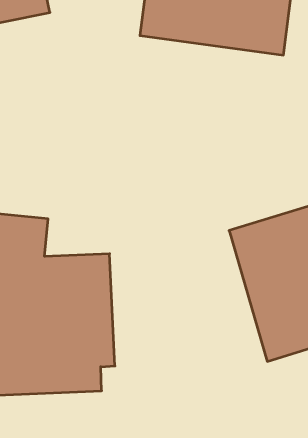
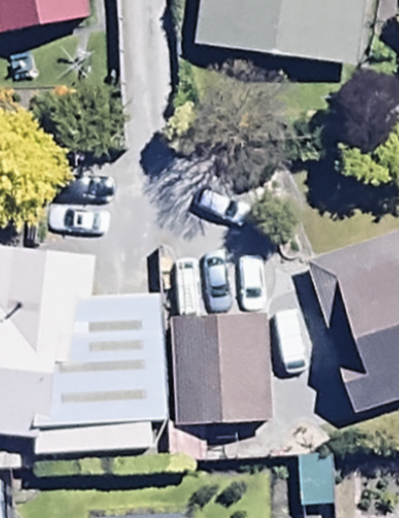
building: none -> [169,313,269,457]

